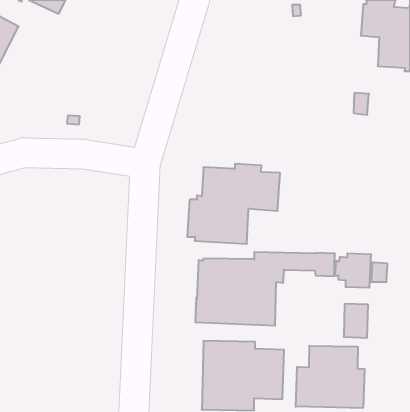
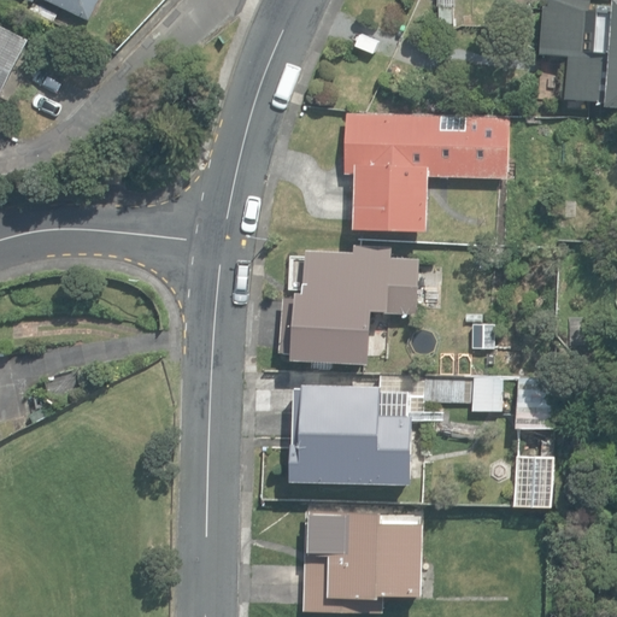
building: none -> [337,108,510,234]
building: [296,346,364,408] -> none

